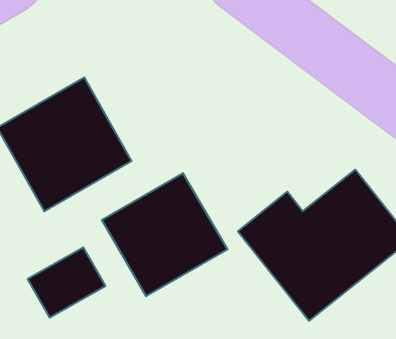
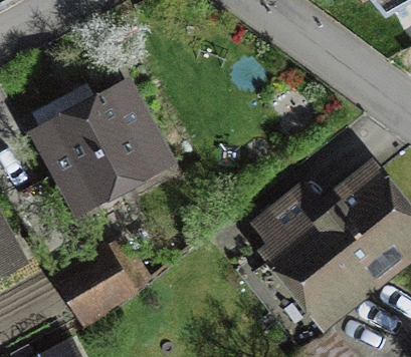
building: [102,173,228,296] -> none

